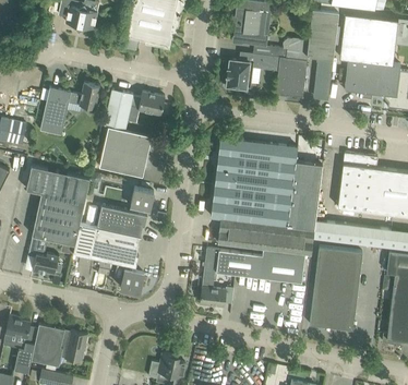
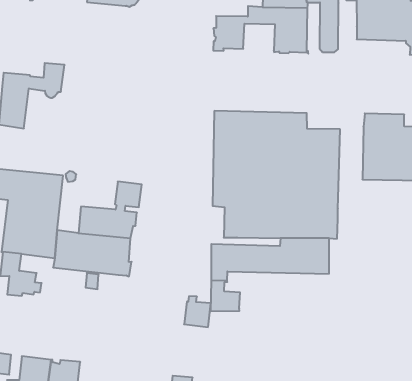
building: [99,89,165,177] -> none
building: [310,248,362,330] -> none
building: [120,266,144,293] -> [184,296,211,327]

